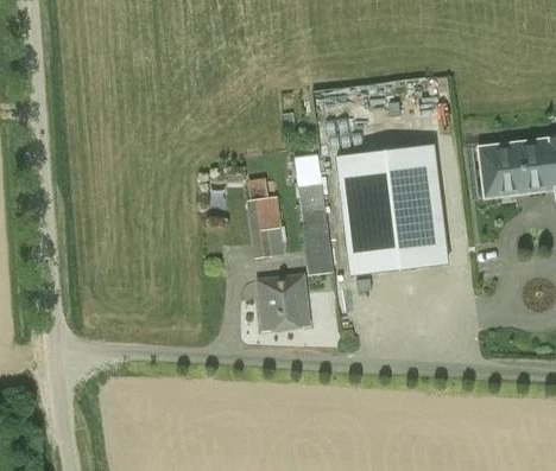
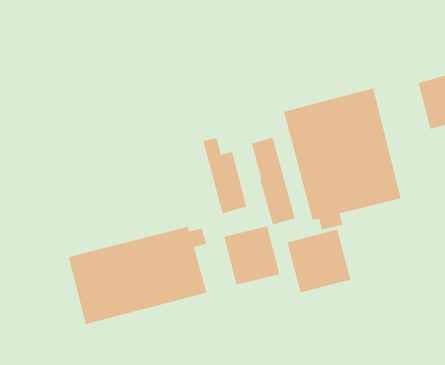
building: none -> [68,226,207,325]
building: none -> [287,229,351,293]

